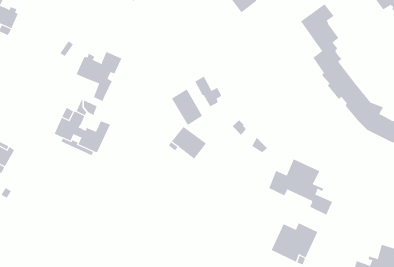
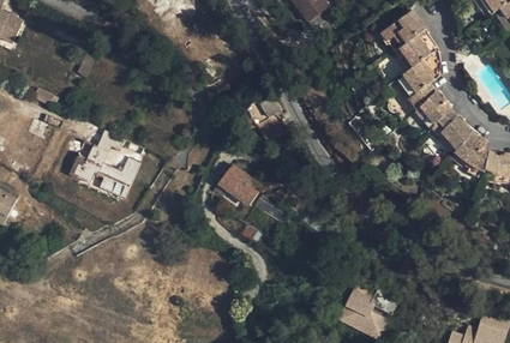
building: [76,51,122,102] -> none
building: [171,89,203,126] -> none
building: [268,159,333,216] -> none

